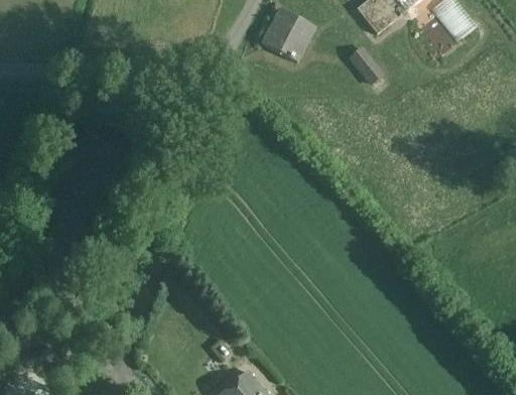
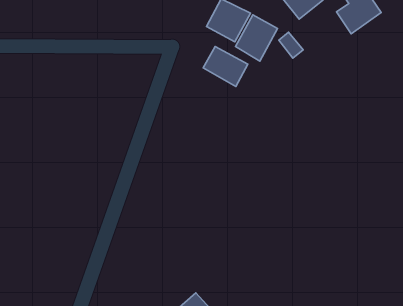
building: none -> [235,15,278,61]
building: none -> [203,46,248,87]

